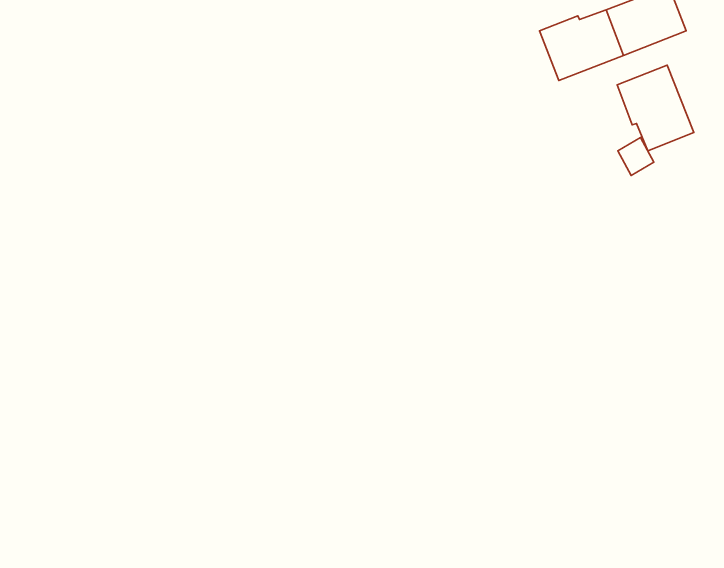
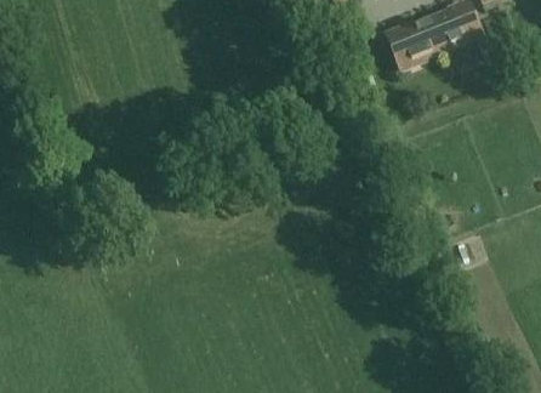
building: [617,65,694,151] -> none

